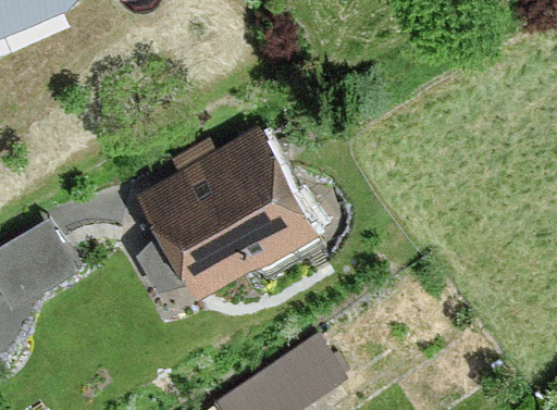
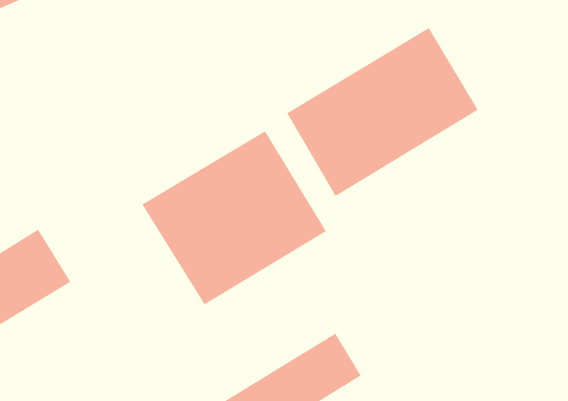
building: none -> [287,27,478,197]

